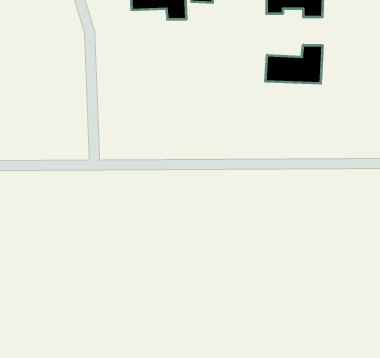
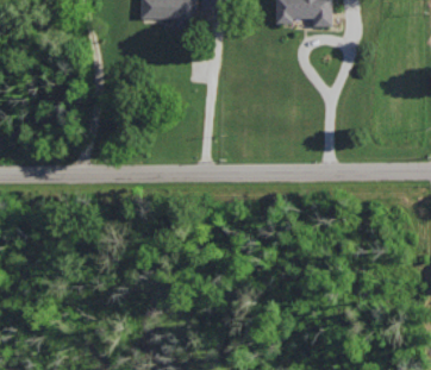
building: [266,45,322,83] -> none

